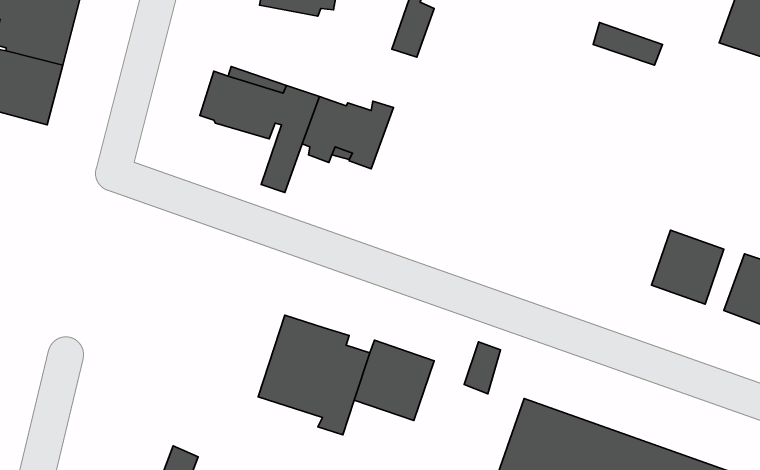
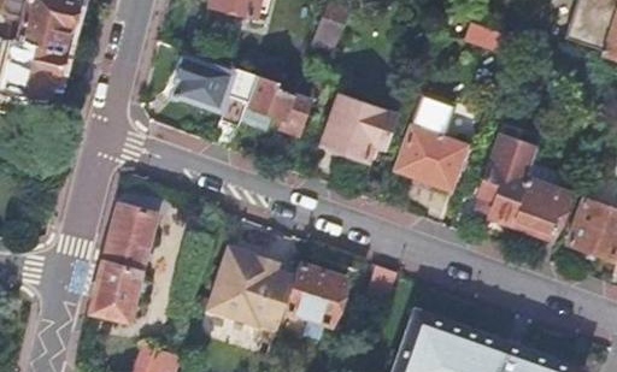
building: none -> [321,96,394,163]
building: none -> [396,96,465,190]
building: none -> [475,136,537,223]
building: none -> [89,203,158,323]

